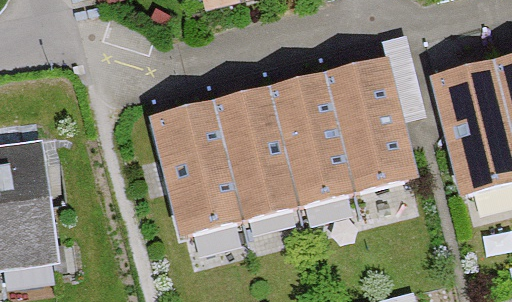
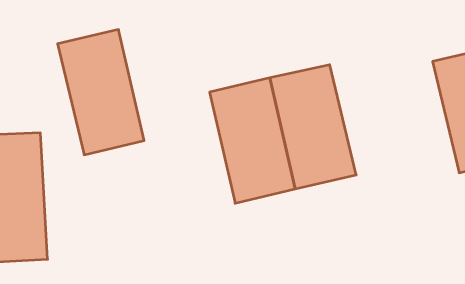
building: [331,65,416,187] -> none
building: [153,106,238,229] -> [58,30,144,155]

